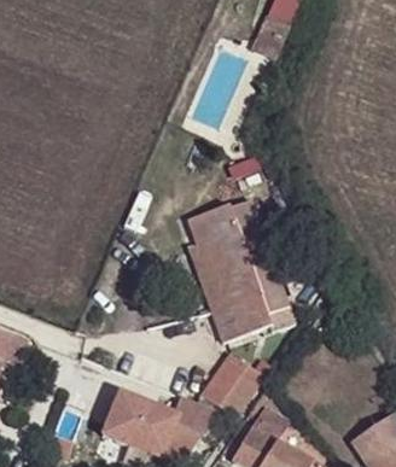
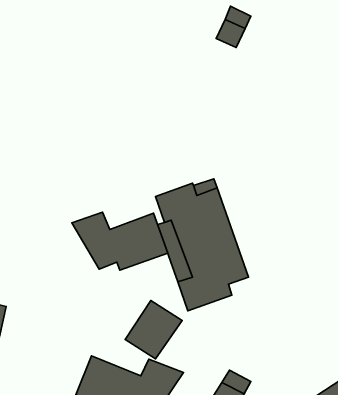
building: none -> [72,212,168,270]
building: [203,354,264,416] -> [125,300,182,359]

